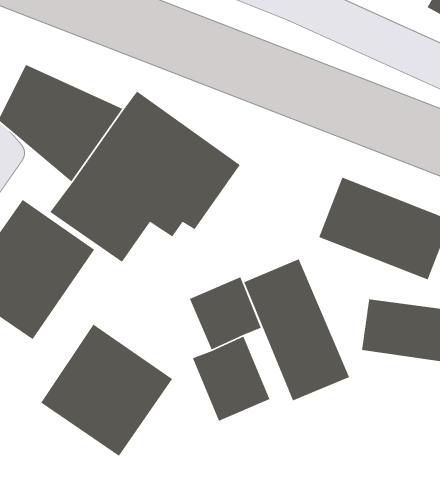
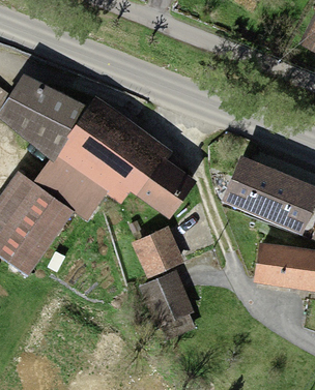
building: none -> [139,160,195,217]
building: [243,258,350,402] -> none
building: [40,323,173,457] -> none

